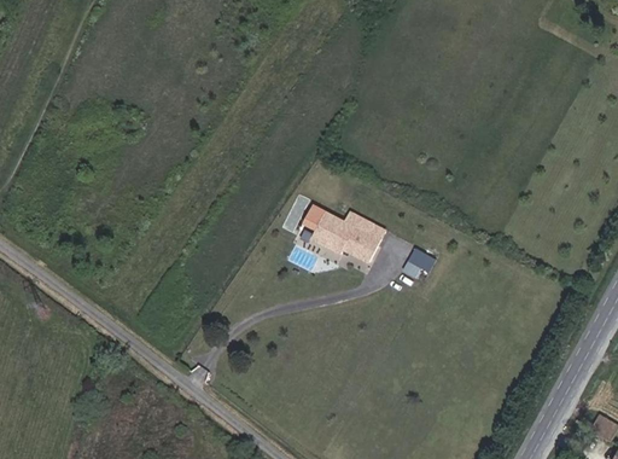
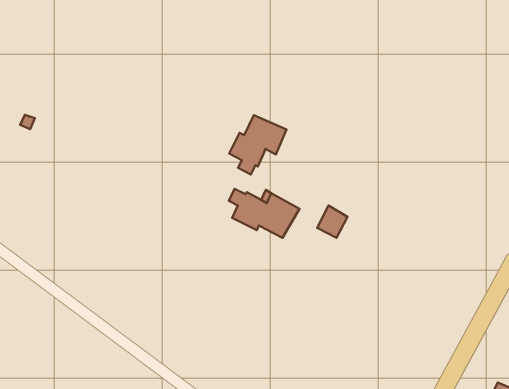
building: none -> [229,115,287,175]

